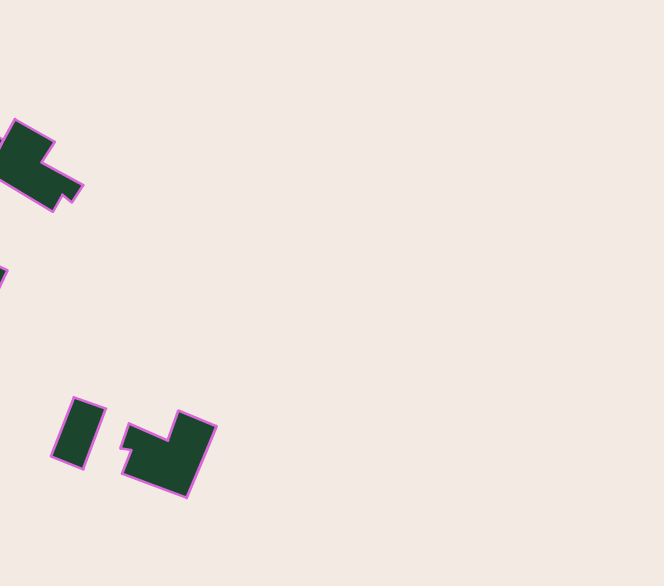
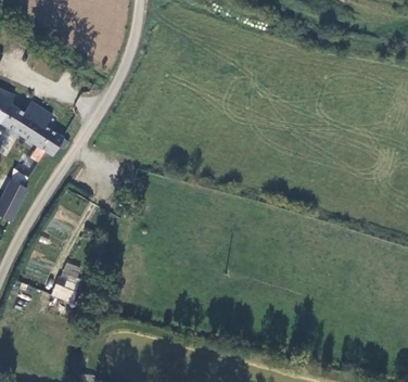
building: [121,411,216,498] -> none

